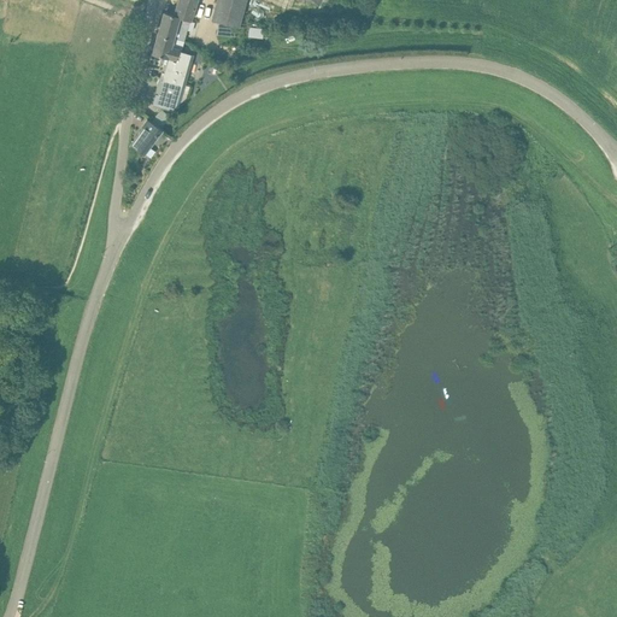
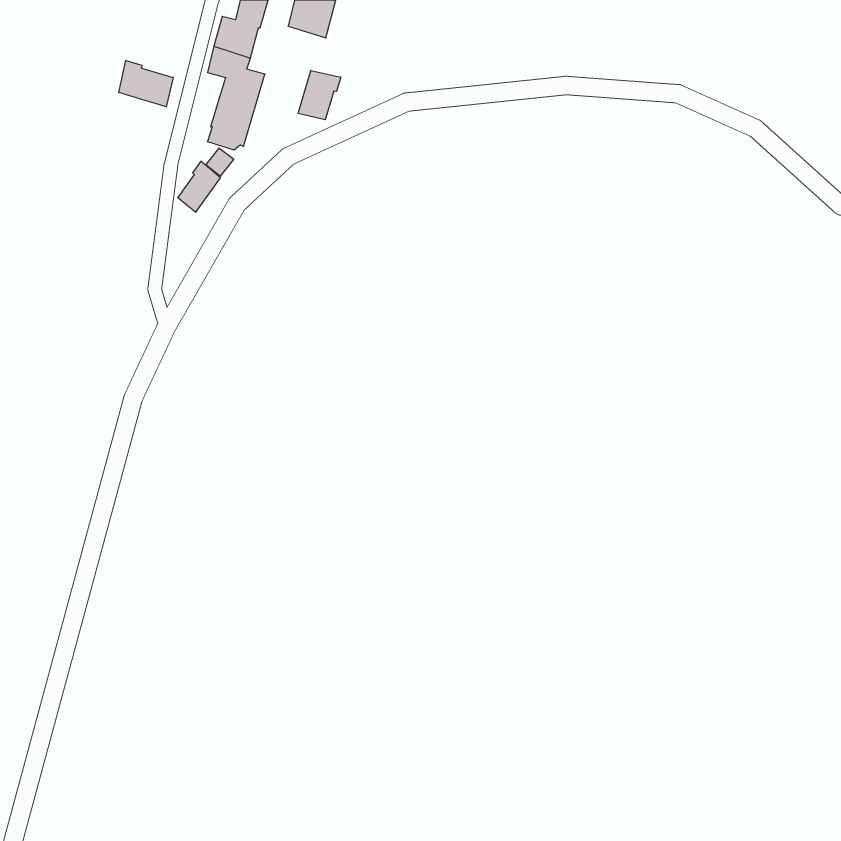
building: none -> [119,60,173,107]
building: none -> [298,70,341,120]

